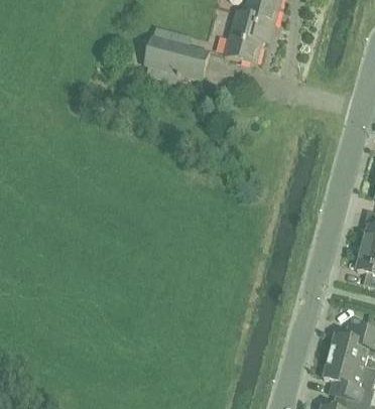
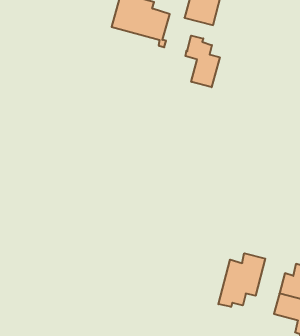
building: none -> [185,36,220,87]
building: none -> [218,253,265,307]

